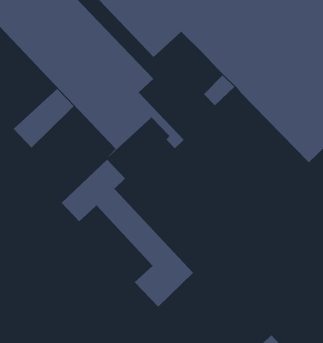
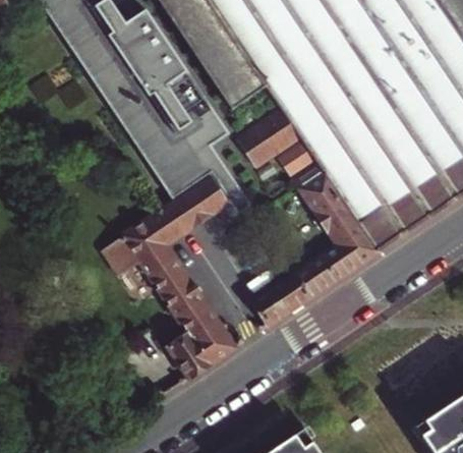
building: none -> [241,112,299,164]
building: [13,88,74,149] -> [164,174,234,234]
building: none -> [254,163,380,325]

